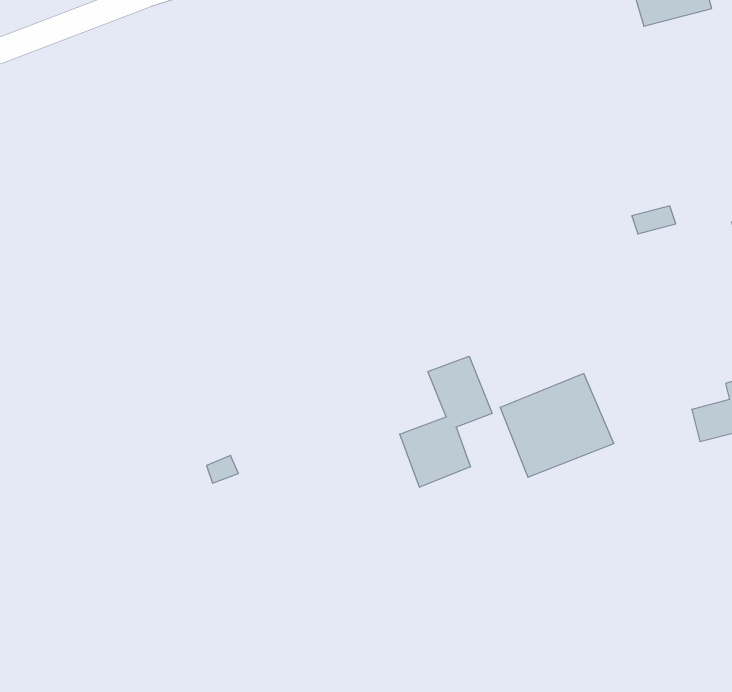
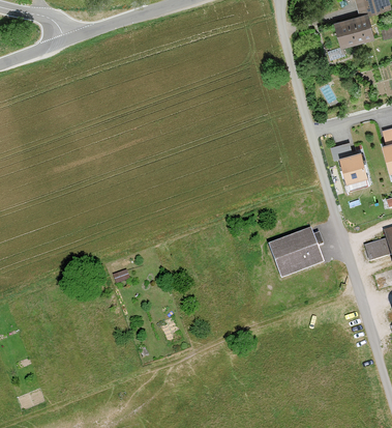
building: none -> [341,152,370,184]
building: [400,356,492,487] -> none

